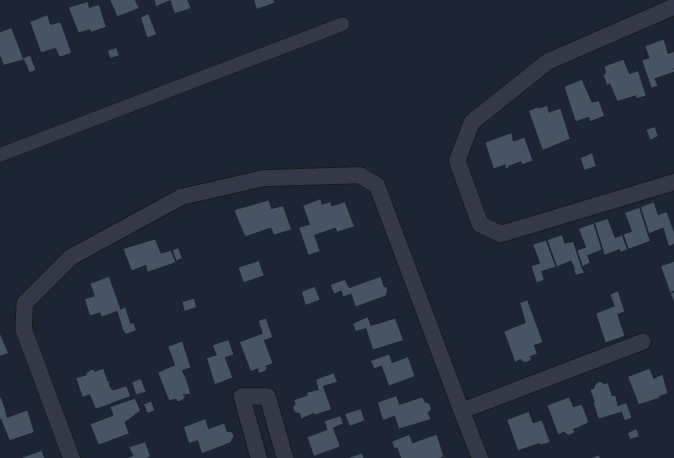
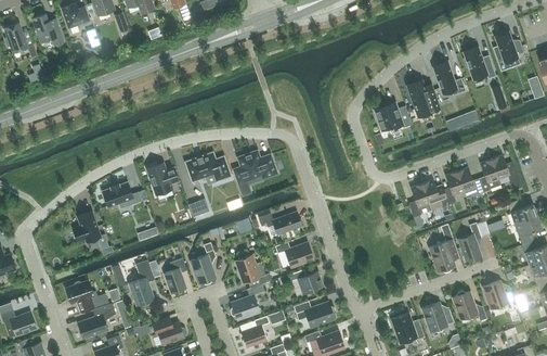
building: none -> [146,162,179,195]
building: [503,300,544,363] -> [429,224,459,271]
building: none -> [236,255,272,288]

